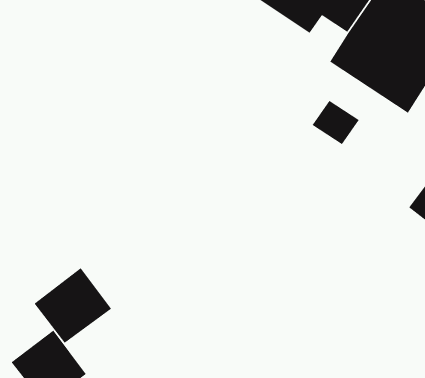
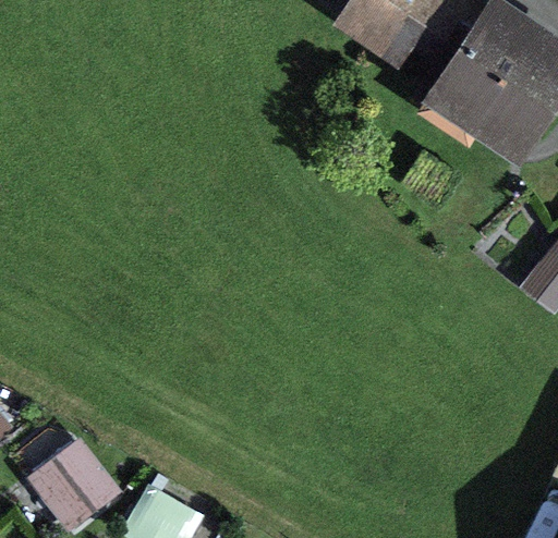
building: [34,267,112,344] -> none

